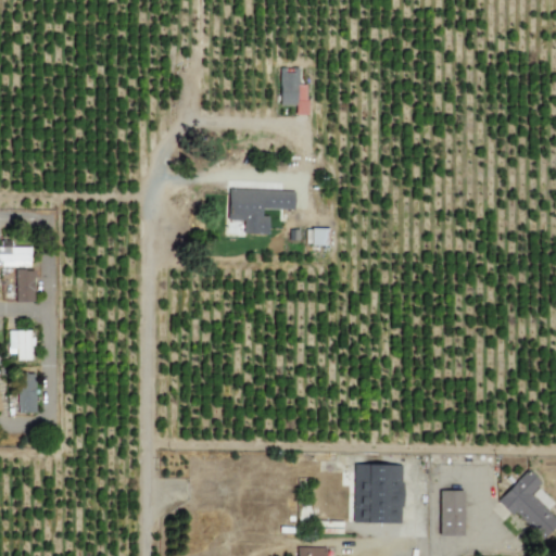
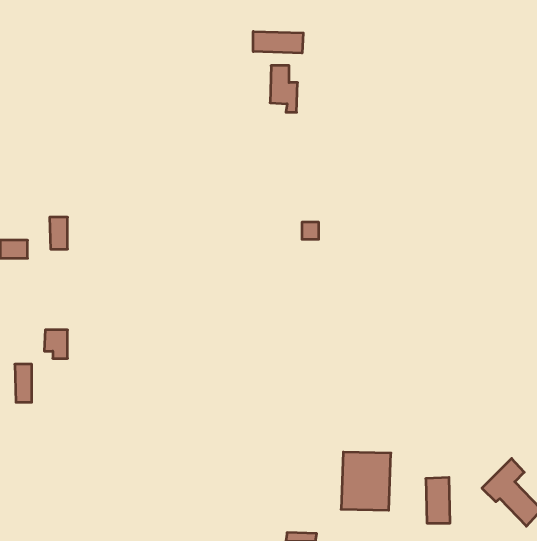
building: none -> [253,31,303,53]
building: [229,189,296,235] -> none
building: [17,269,36,302] -> [50,217,68,249]
building: [10,331,34,361] -> [44,330,68,358]

